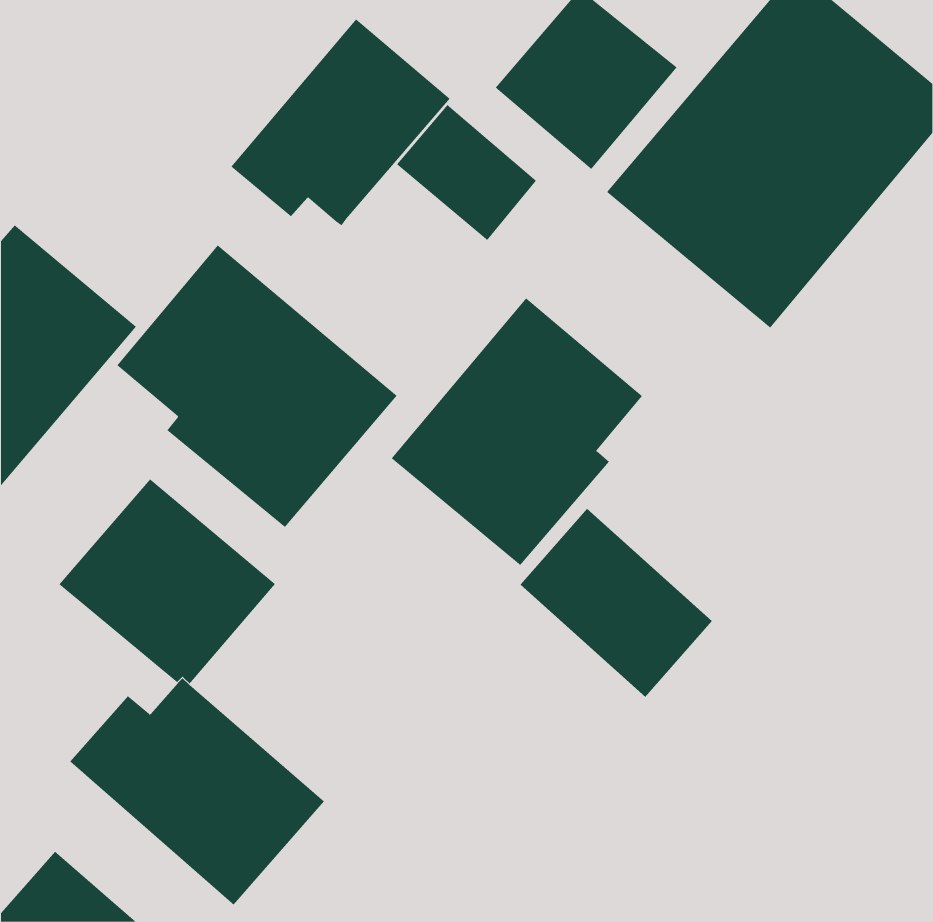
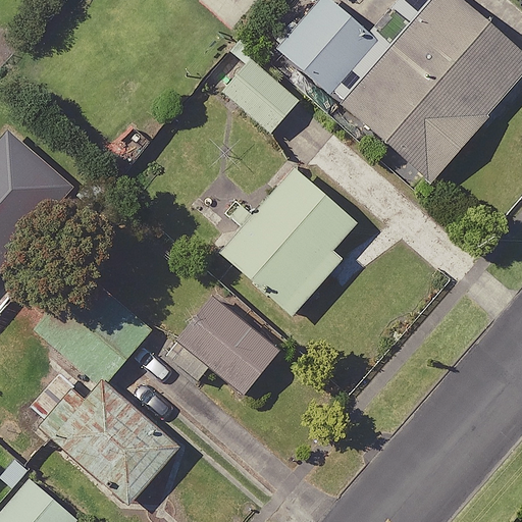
building: [231,19,450,226] -> none
building: [117,244,398,528] -> none
building: [519,508,713,698] -> [175,295,283,401]

